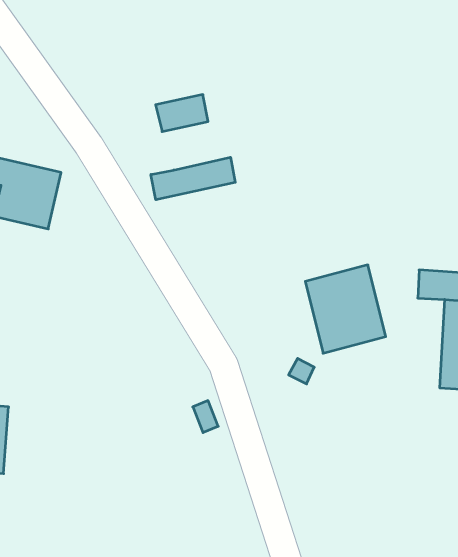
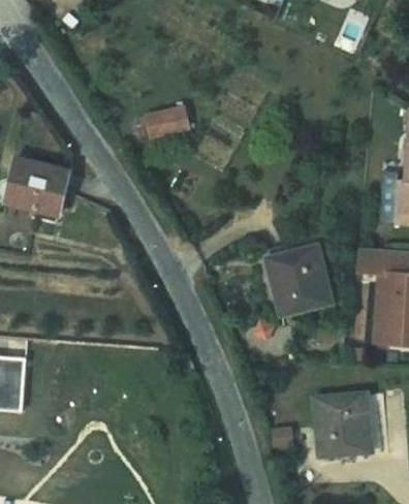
building: [151,157,235,200] -> none
building: none -> [314,391,371,456]

